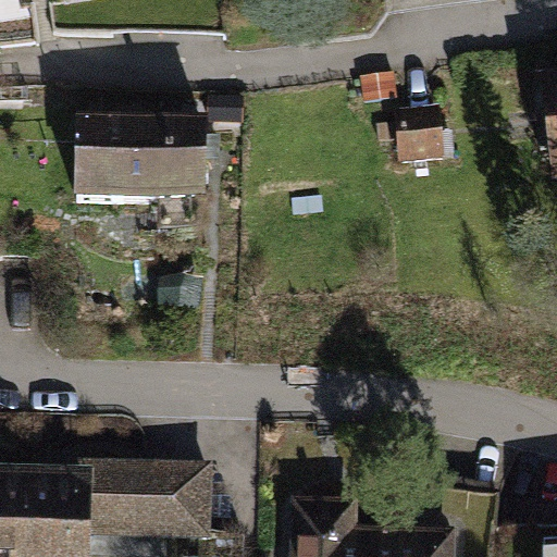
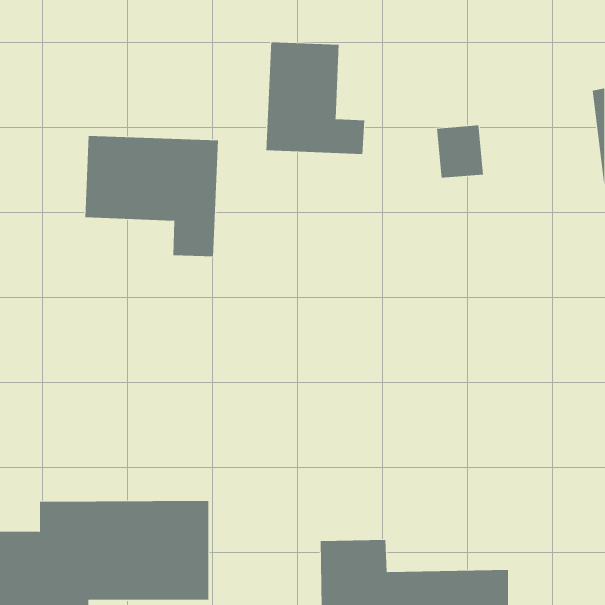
building: none -> [266,41,365,155]

